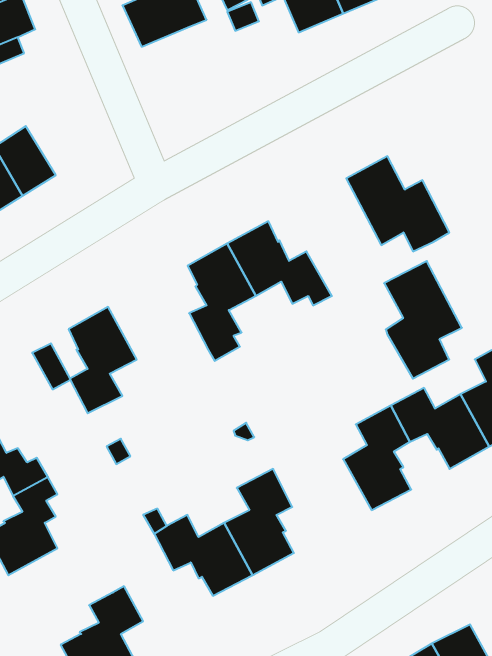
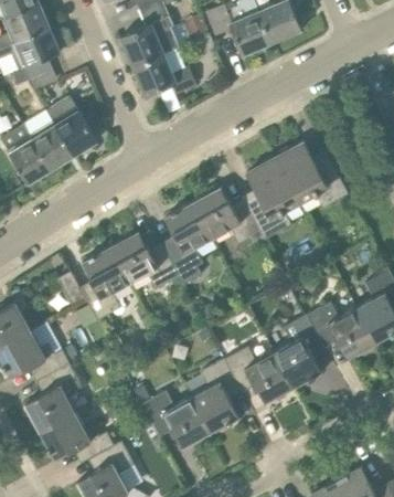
building: none -> [132,52,193,96]
building: none -> [45,95,96,155]
building: [384,261,462,379] -> [245,157,299,239]
building: none -> [109,232,179,289]
building: none -> [224,347,292,403]
building: none -> [40,414,113,459]

